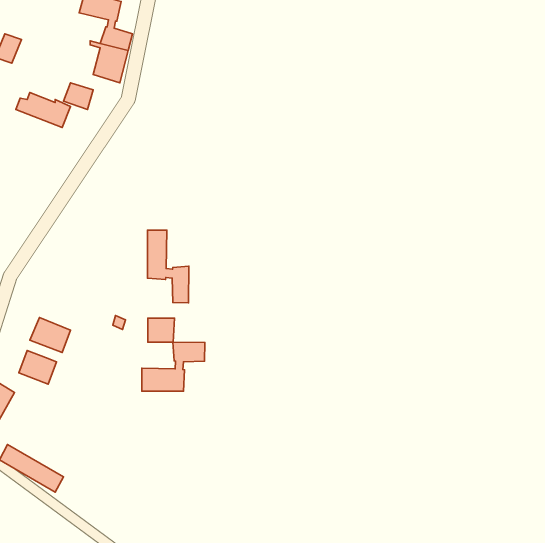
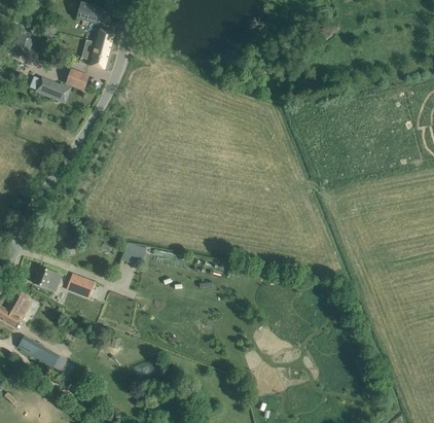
building: [147,230,189,303] -> none
building: [30,318,70,353] -> [65,273,95,298]
building: [142,342,205,391] -> none

